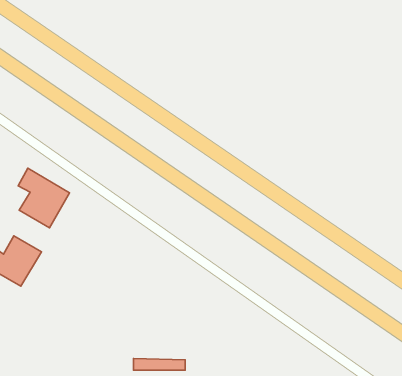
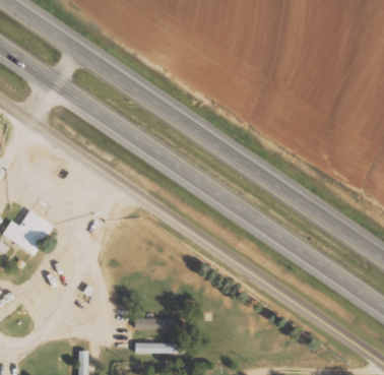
building: [18,168,69,228] -> none

